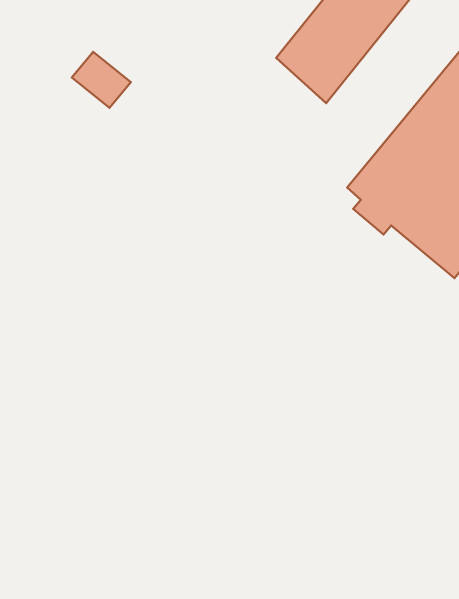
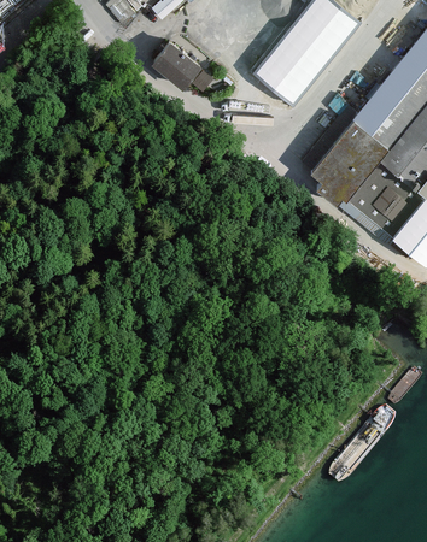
building: [72,52,131,108] -> [154,46,201,90]

